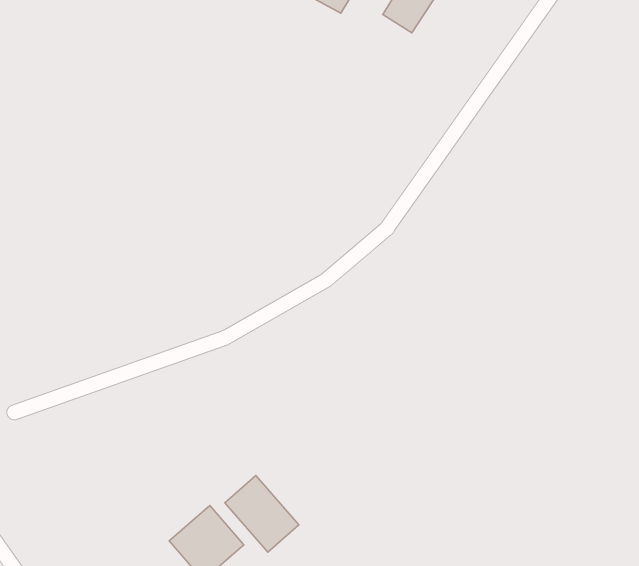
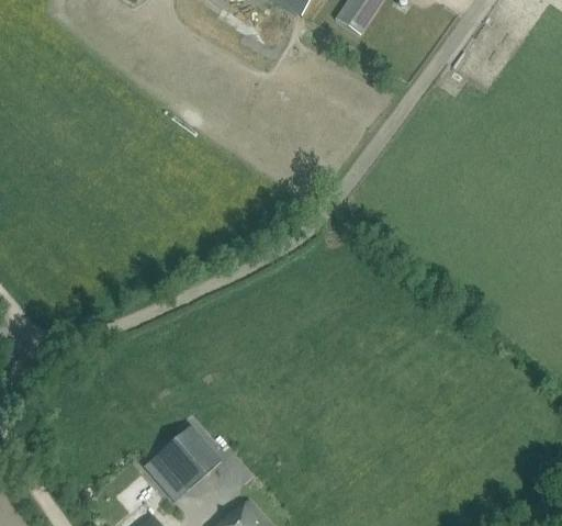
building: [225,476,299,552] -> none

